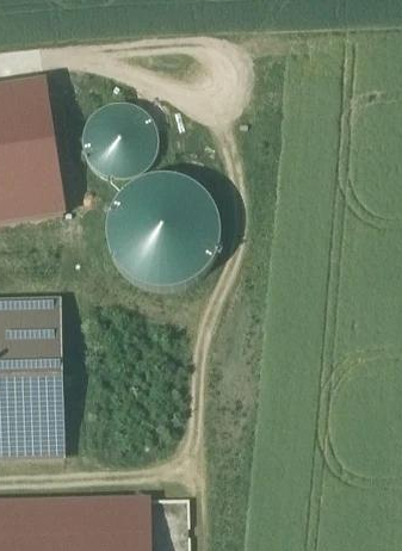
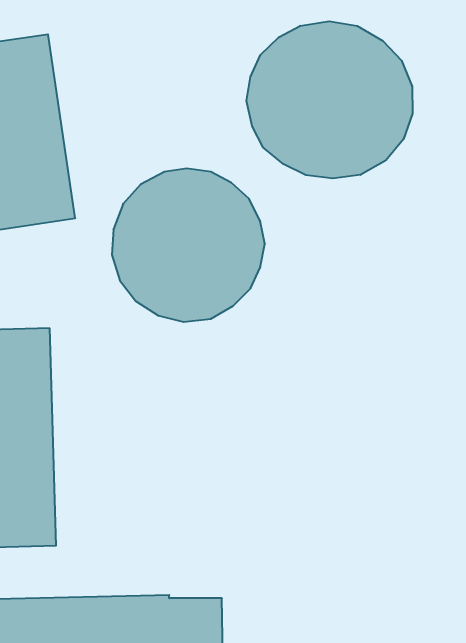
building: none -> [246,21,413,178]
building: [76,104,153,181] -> none

